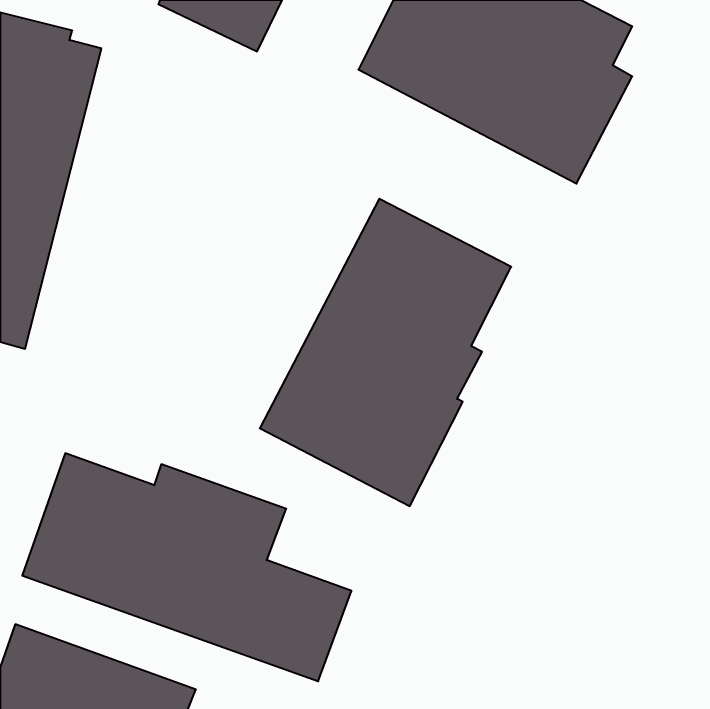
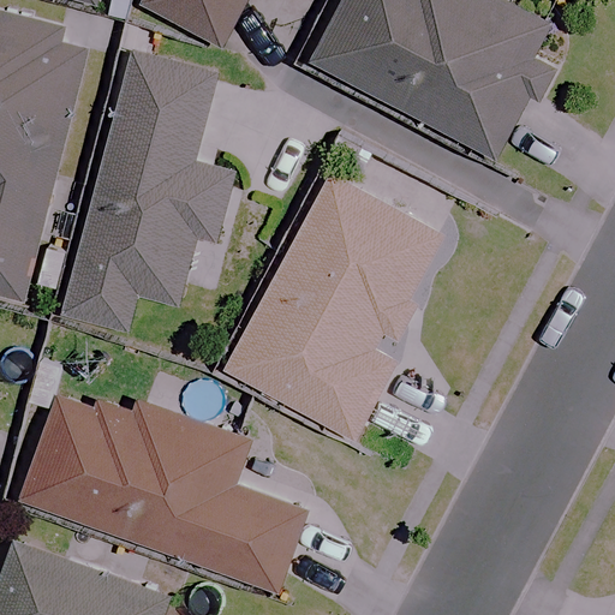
building: none -> [61,53,233,330]

